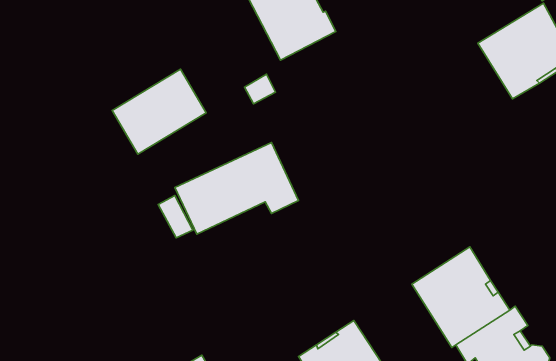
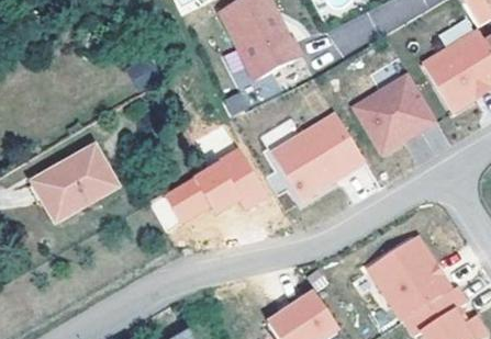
building: none -> [351,71,436,152]
building: [112,69,206,154] -> [32,145,112,217]
building: none -> [271,113,364,200]

